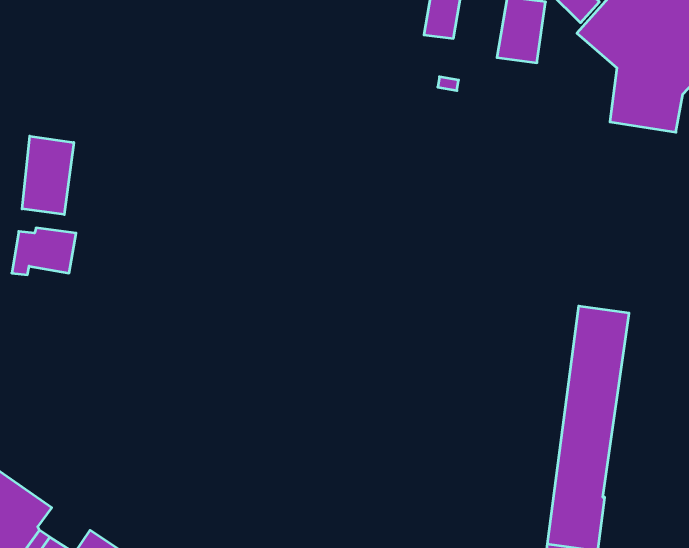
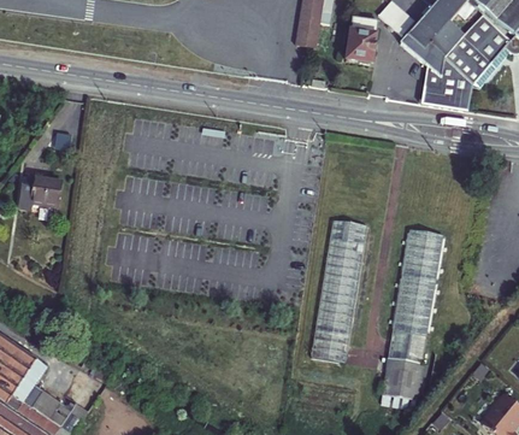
building: [22,136,74,215] -> none
building: none -> [309,219,364,363]

